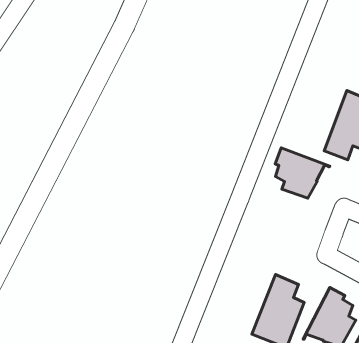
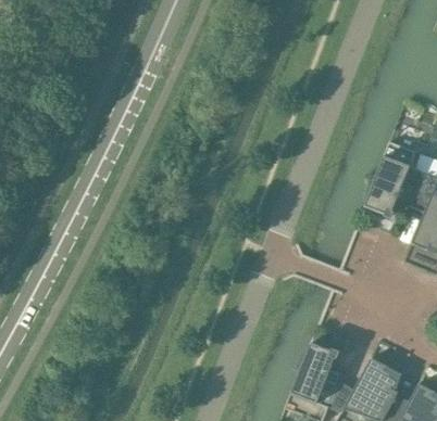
building: [275,148,330,198] -> none

